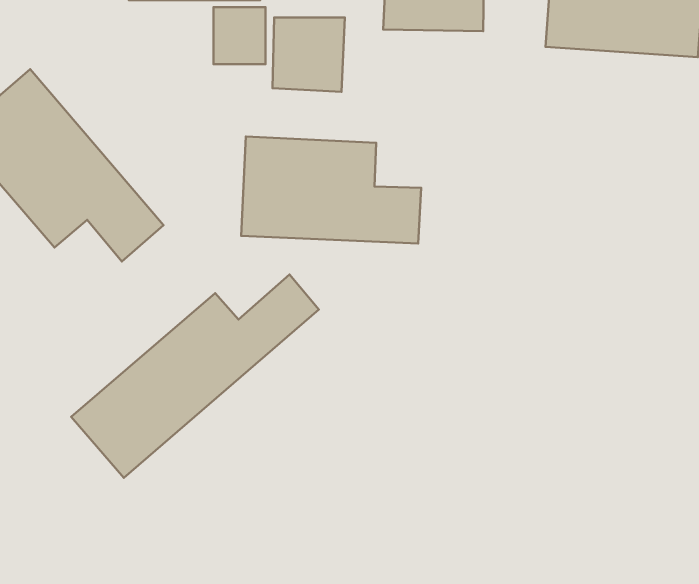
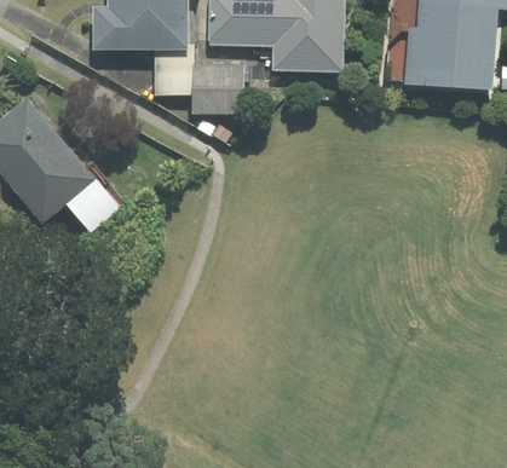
building: [241,137,421,244] -> none
building: [71,275,319,478] -> none

